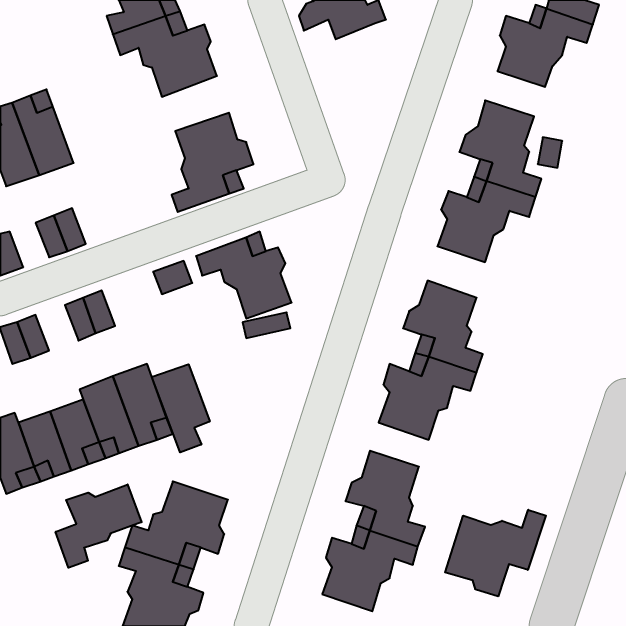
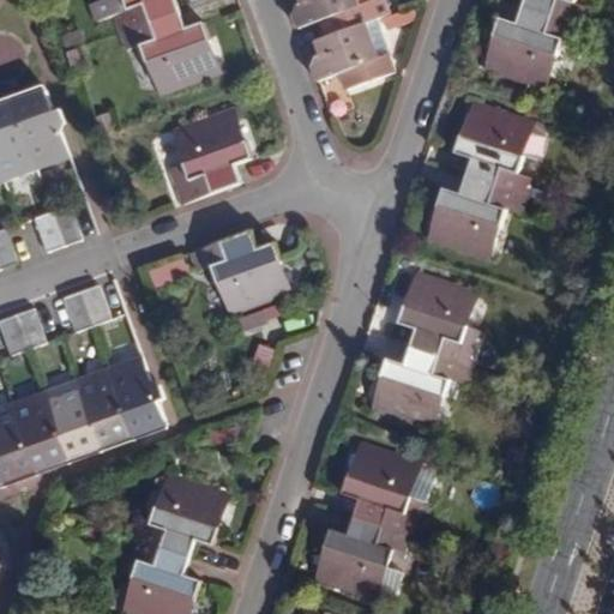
building: none -> [312,23,397,94]
building: [152,364,210,452] -> none
building: [56,484,142,568] -> none
building: [445,510,546,596] -> none

